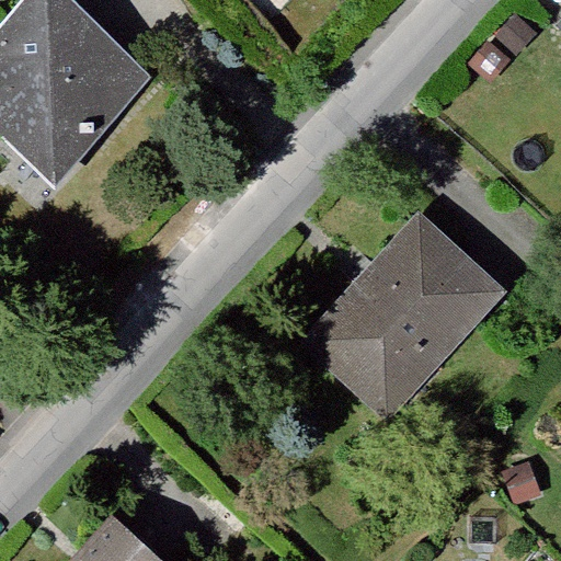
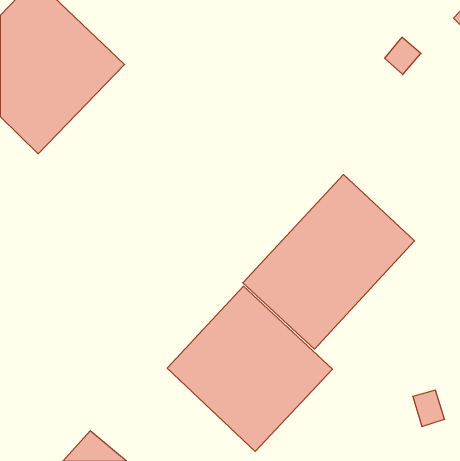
building: none -> [167,286,332,451]

